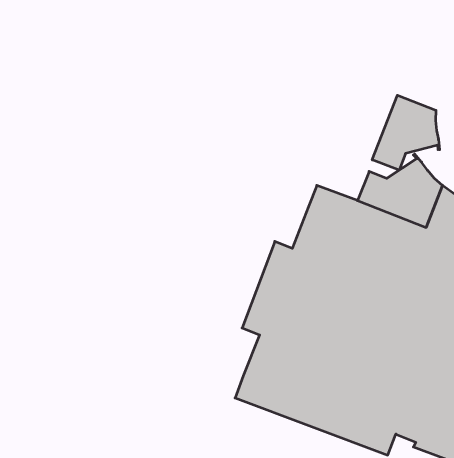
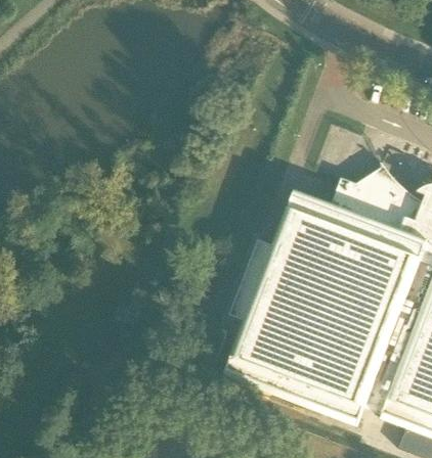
building: [372,95,440,170] -> none

